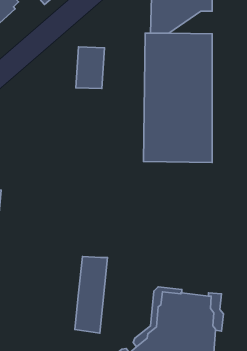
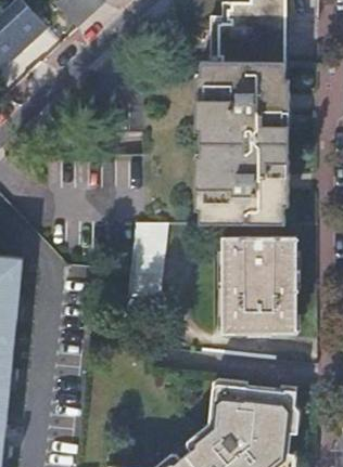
building: none -> [230,35,284,63]
building: none -> [223,237,295,336]
building: [75,257,108,333] -> [126,222,167,317]

